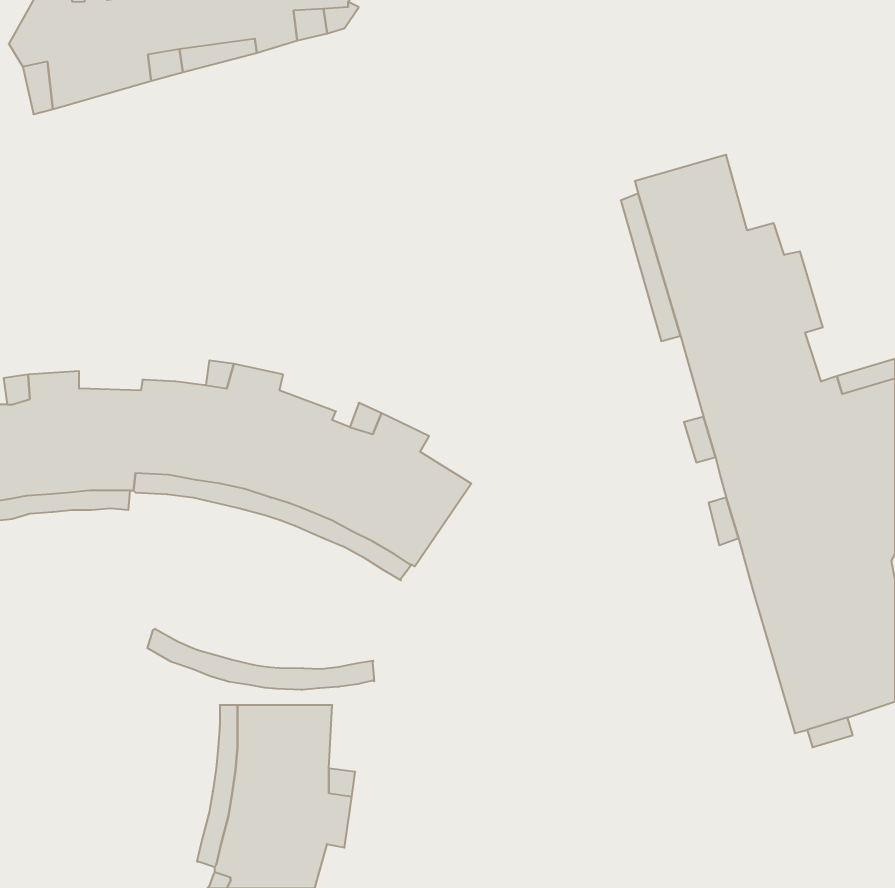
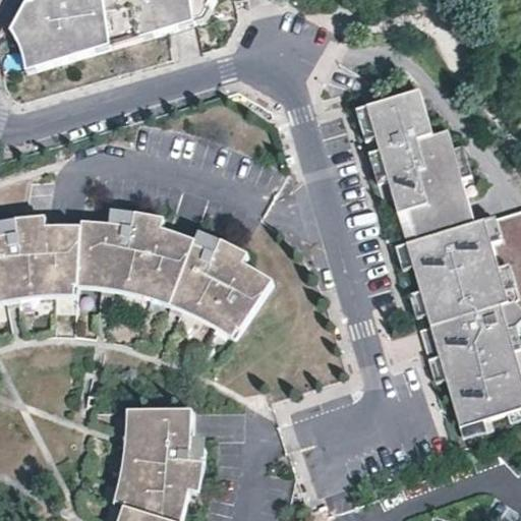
building: [147,629,374,690] -> none

